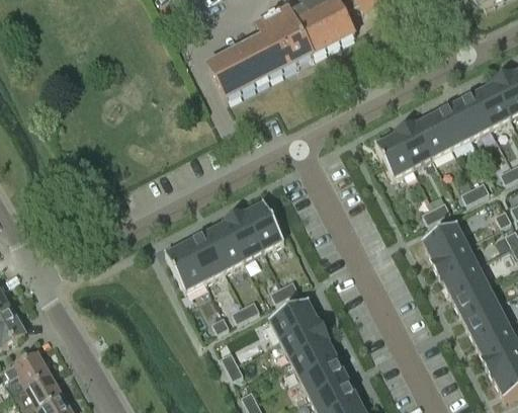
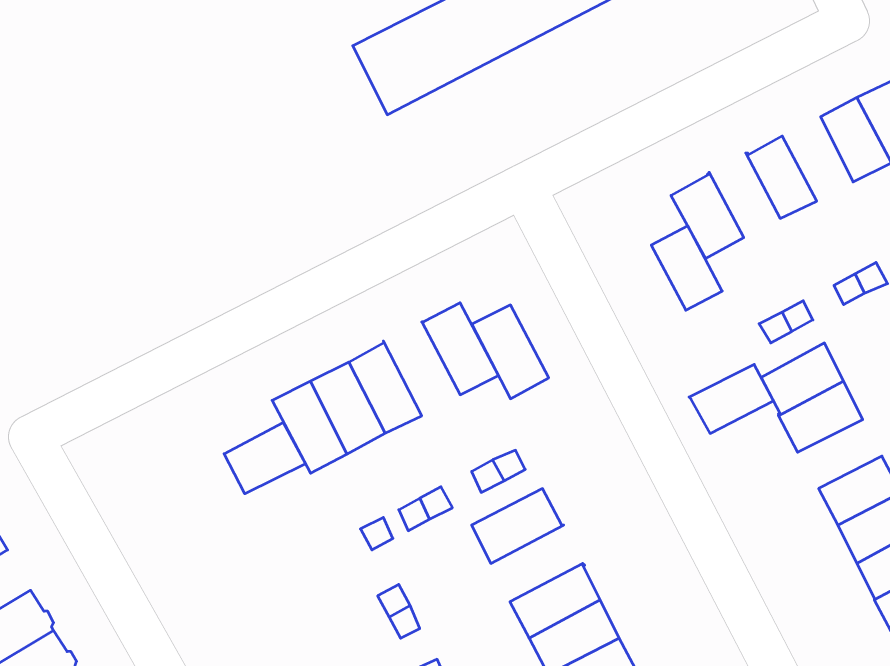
building: [434,101,471,146] -> none
building: [396,120,433,165] -> [651,226,722,310]
building: [224,210,264,259] -> [472,305,549,399]
building: [442,261,487,298] -> [689,364,773,433]
building: none -> [224,423,305,494]
building: [280,317,329,357] -> none

